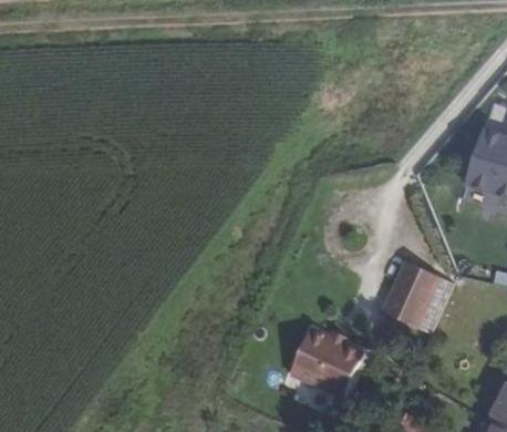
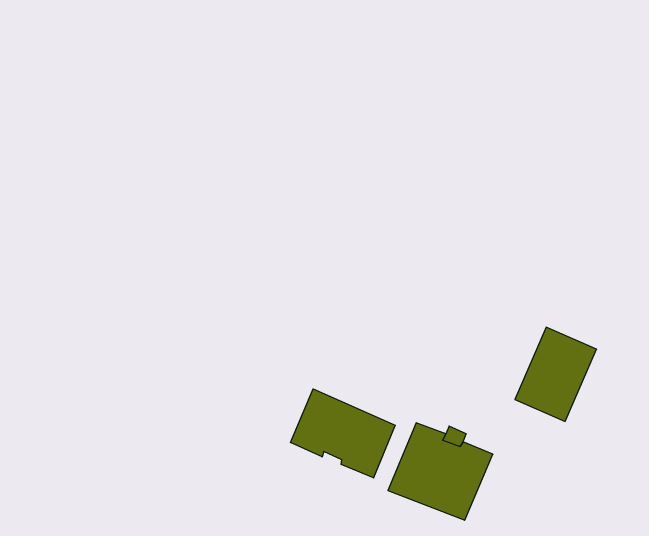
building: none -> [291,389,395,478]

